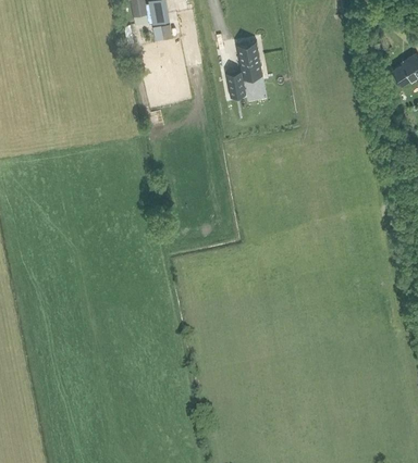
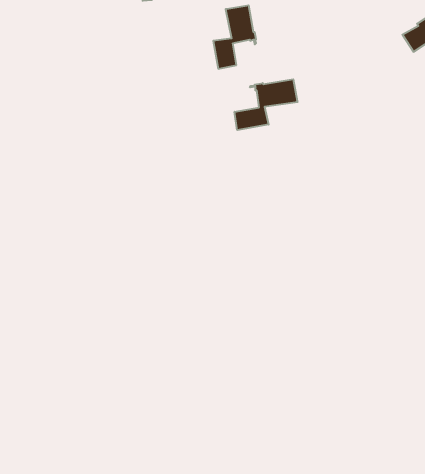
building: none -> [235,79,298,130]

